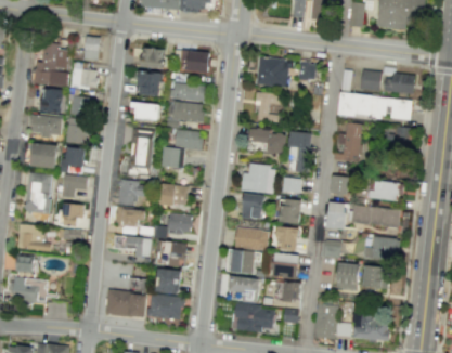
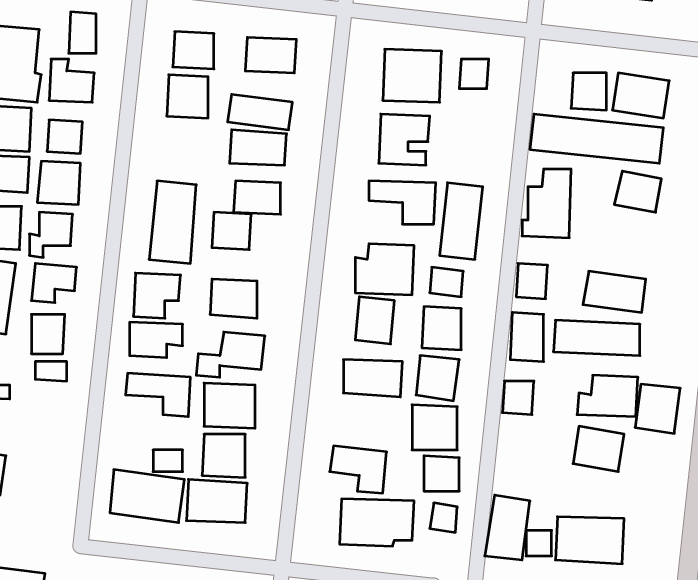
building: [132,103,159,120] -> none
building: [227,248,256,274] -> none
building: [335,263,360,290] -> [635,384,680,433]

